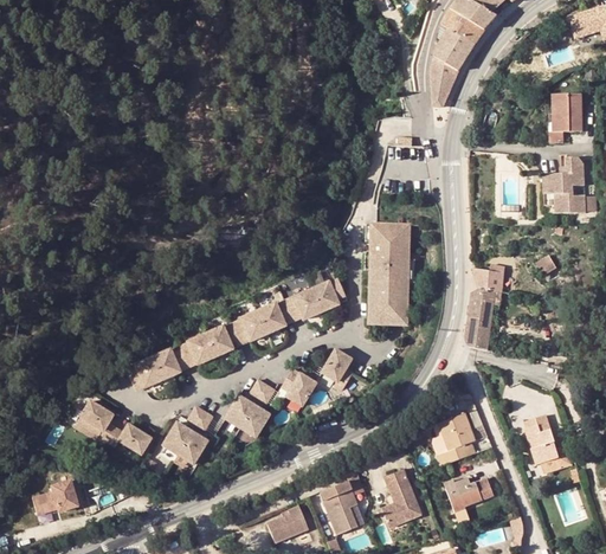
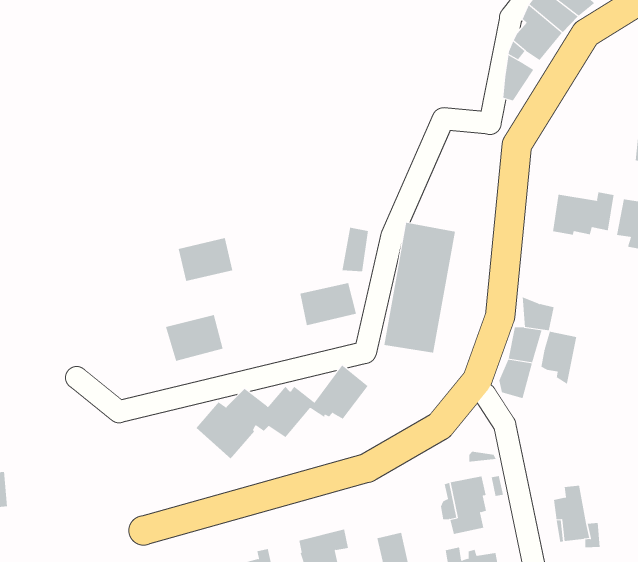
building: none -> [552,192,614,236]
building: none -> [342,227,369,272]
building: none -> [541,331,577,385]
building: [237,298,285,340] -> [178,238,233,282]
building: [131,346,181,387] -> none
building: [73,397,214,470] -> none

